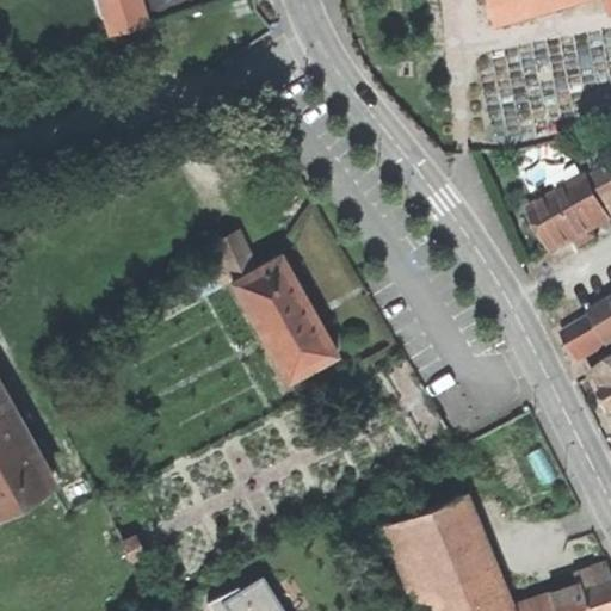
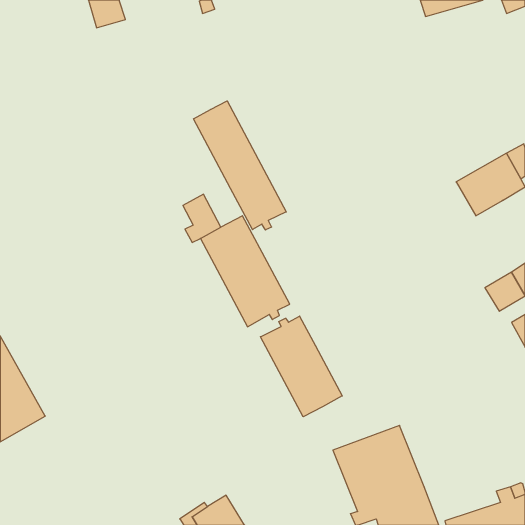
building: none -> [194,101,286,230]
building: none -> [260,316,342,417]

